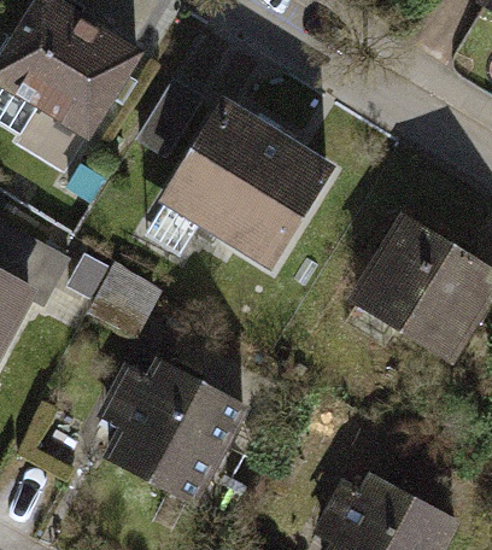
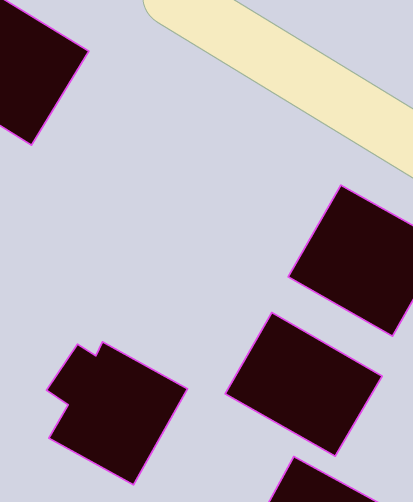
building: [136,74,317,256] -> none
building: none -> [225,313,382,456]

